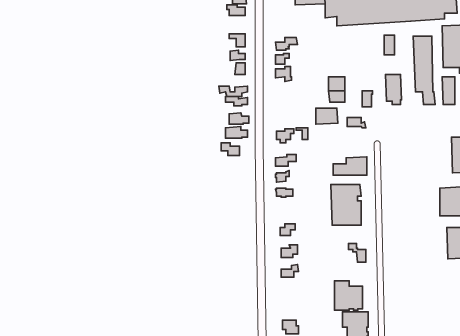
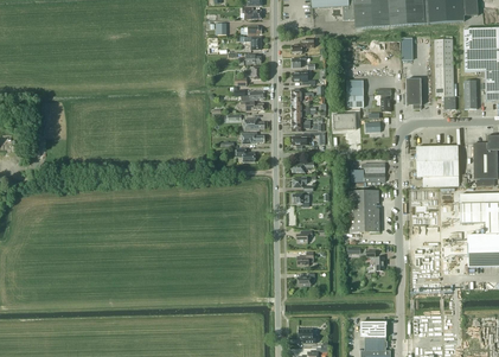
building: none -> [416,146,459,186]
building: [335,281,362,310] -> none

